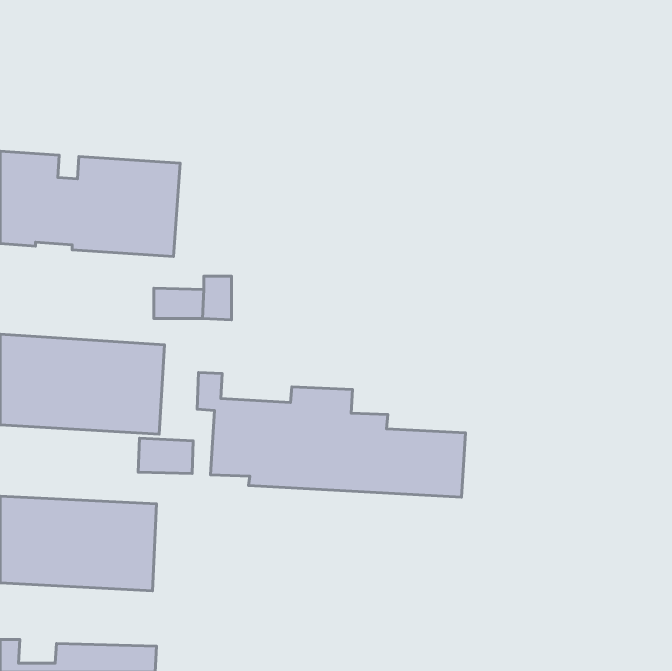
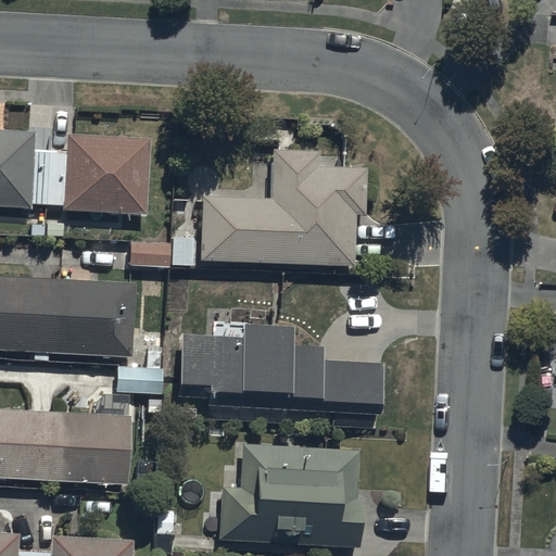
building: none -> [199,159,366,270]
building: none -> [217,443,368,551]

